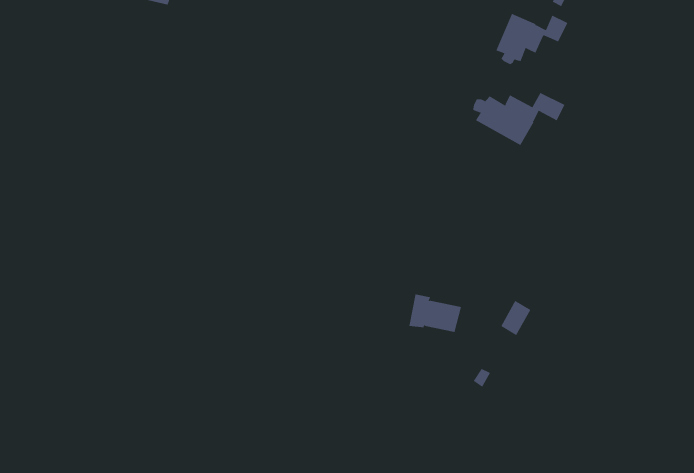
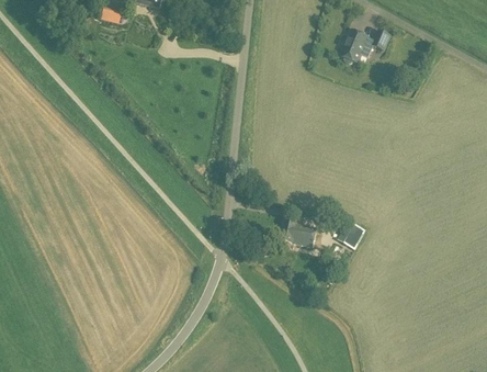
building: [473,92,565,146] -> none

